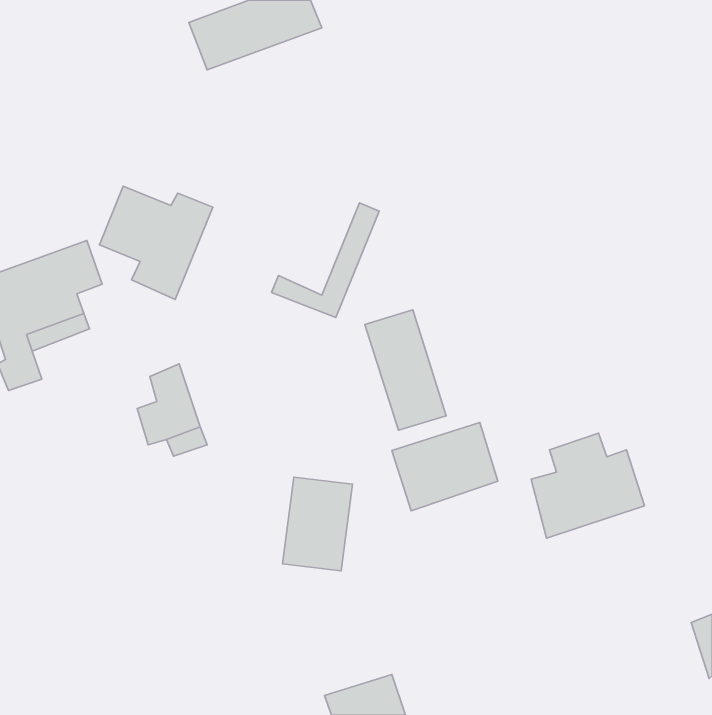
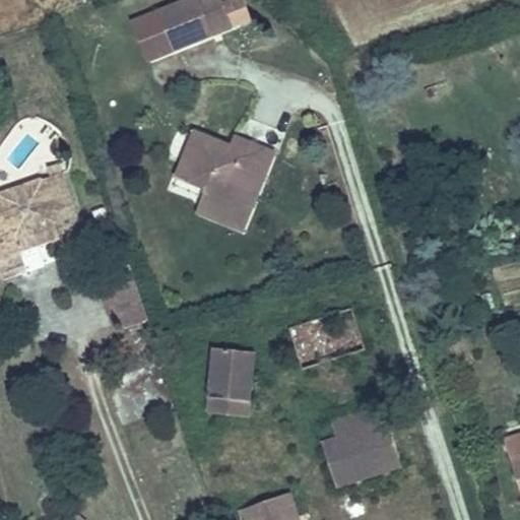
building: [99,186,213,299] -> [179,132,261,214]
building: [365,310,446,430] -> none
building: [531,433,645,538] -> [315,409,397,485]

